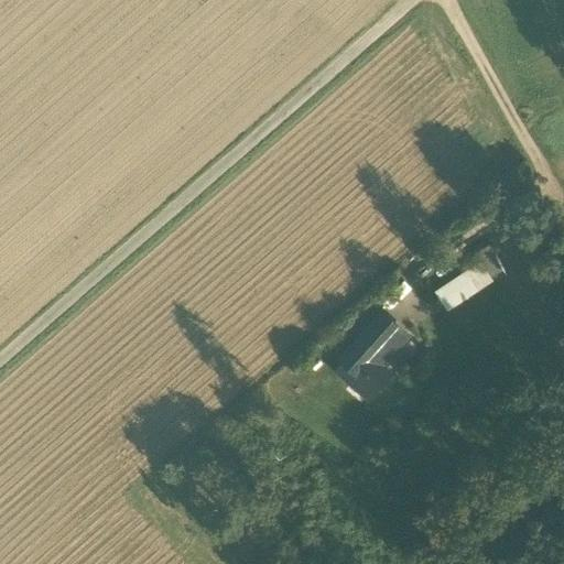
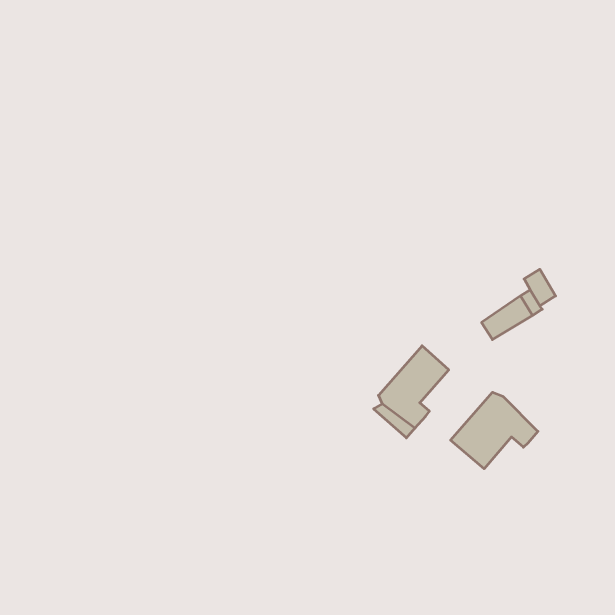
building: none -> [451,392,538,469]

